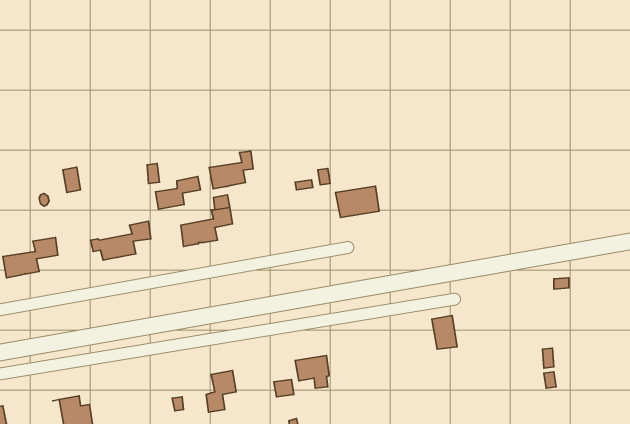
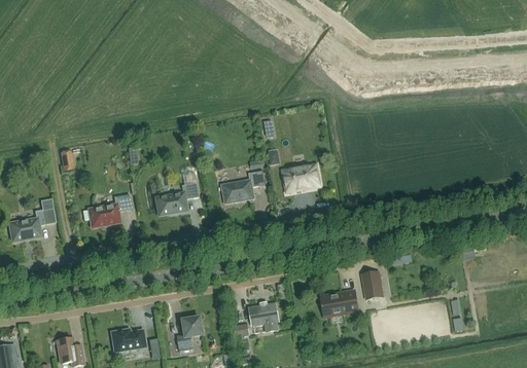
building: [209,151,253,189] -> [223,172,259,203]
building: [156,177,201,209] -> none
building: none -> [321,291,358,317]
building: none -> [111,328,146,353]

